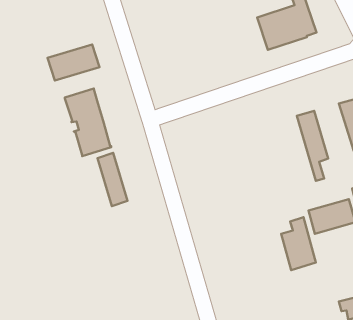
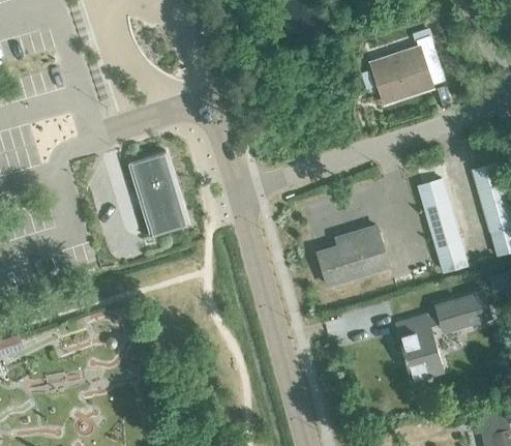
building: [48,45,99,80] -> none
building: none -> [317,227,388,287]
building: [97,153,128,206] -> none

